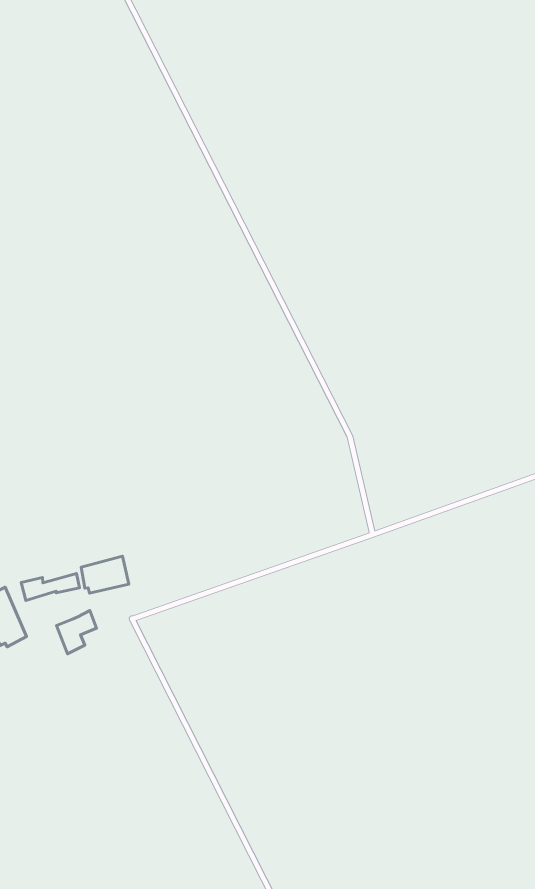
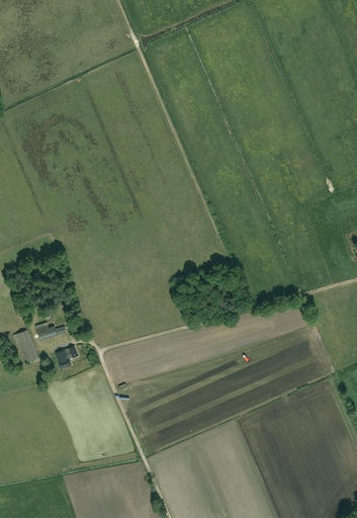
building: [81,556,129,593] -> none

